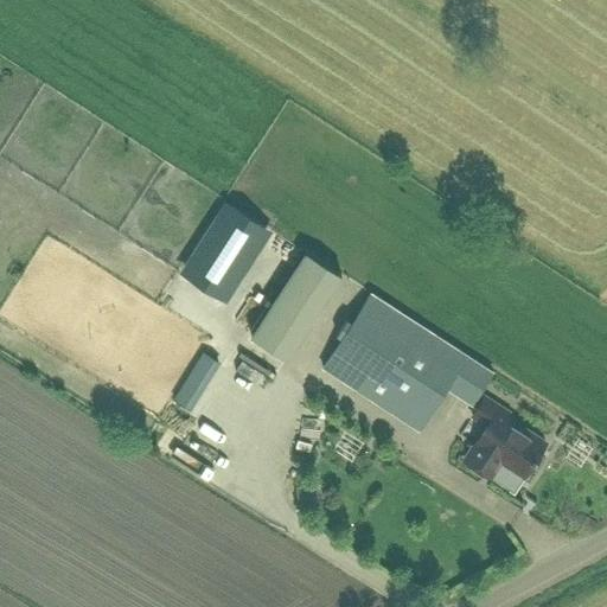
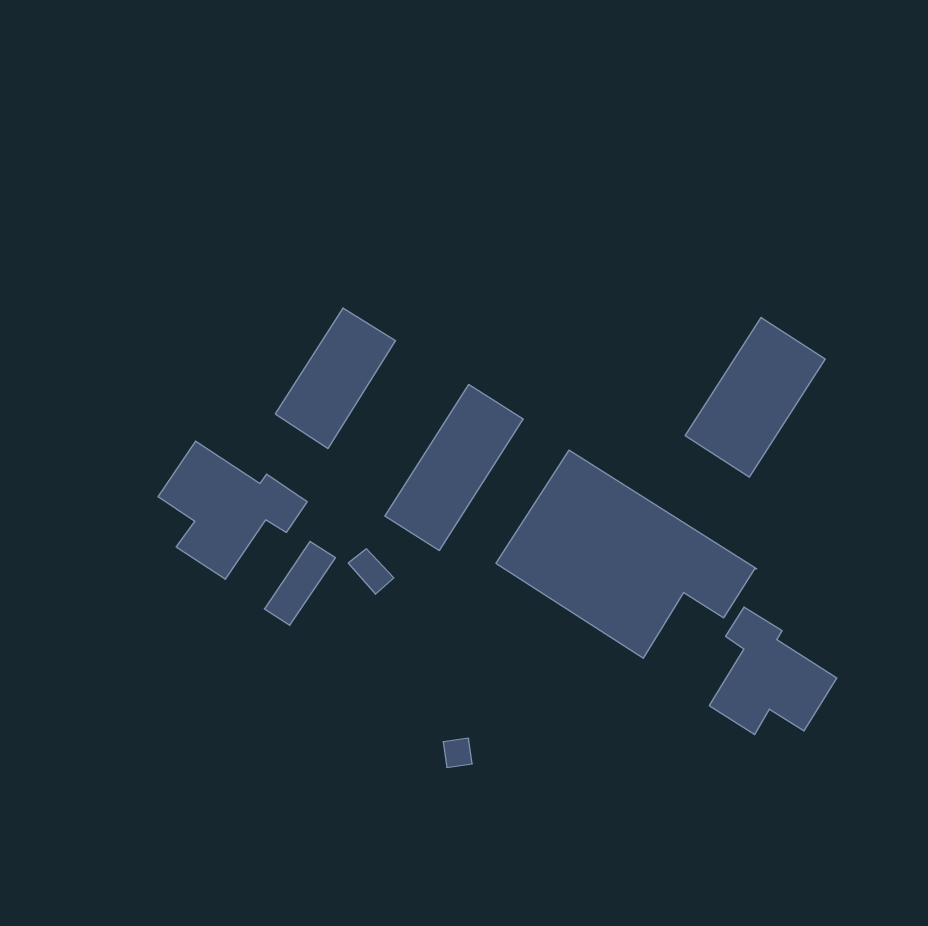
building: none -> [685,317,825,477]
building: none -> [158,441,307,579]

